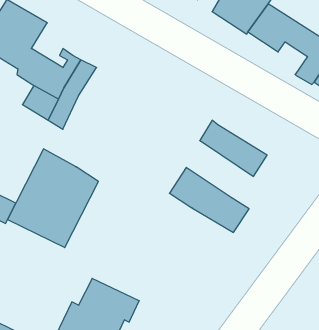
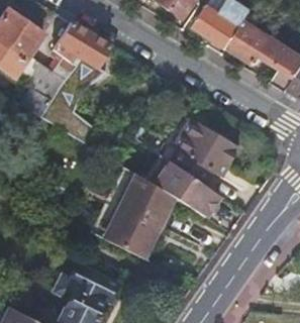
building: none -> [52,23,107,67]
building: none -> [163,139,229,191]
building: [8,149,98,248] -> [92,171,174,259]

